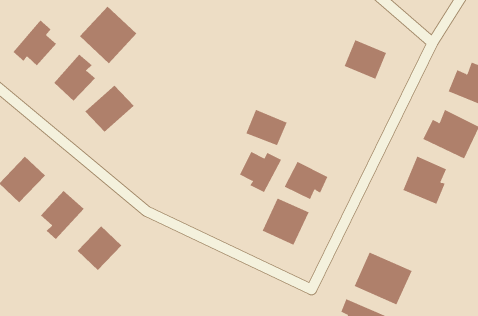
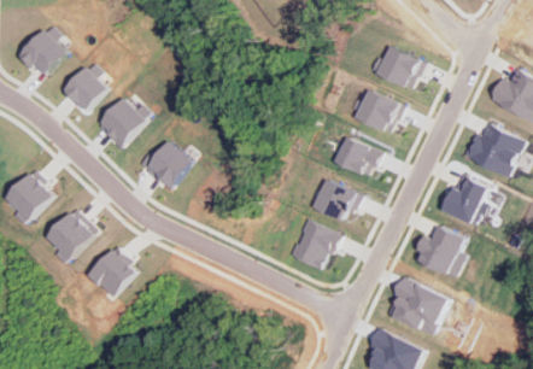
building: [79,6,137,64] -> none
building: none -> [355,89,402,133]
building: [245,109,288,146] -> [334,136,380,176]
building: none -> [136,140,192,191]
building: [239,151,282,193] -> none
building: none -> [414,227,465,276]

